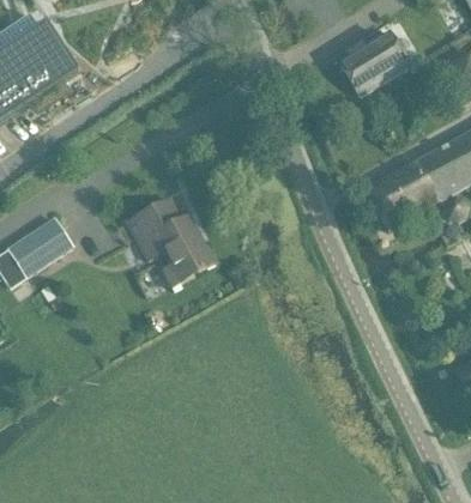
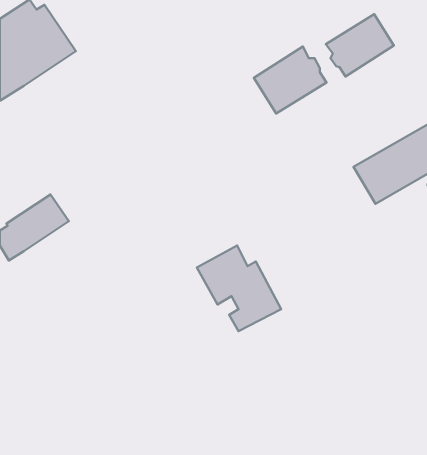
building: none -> [254,46,326,113]
building: [128,198,216,286] -> [197,245,281,331]

